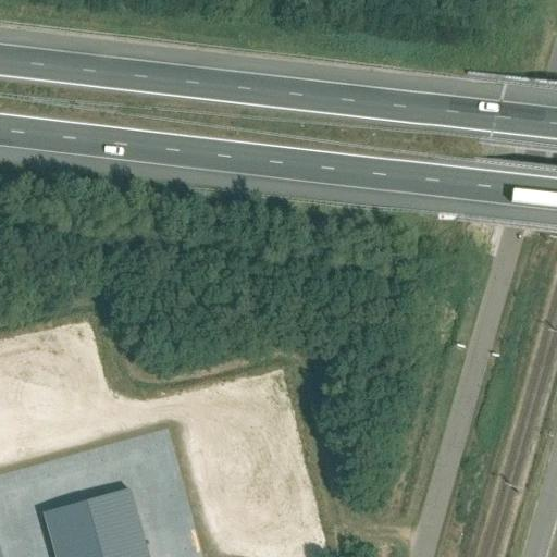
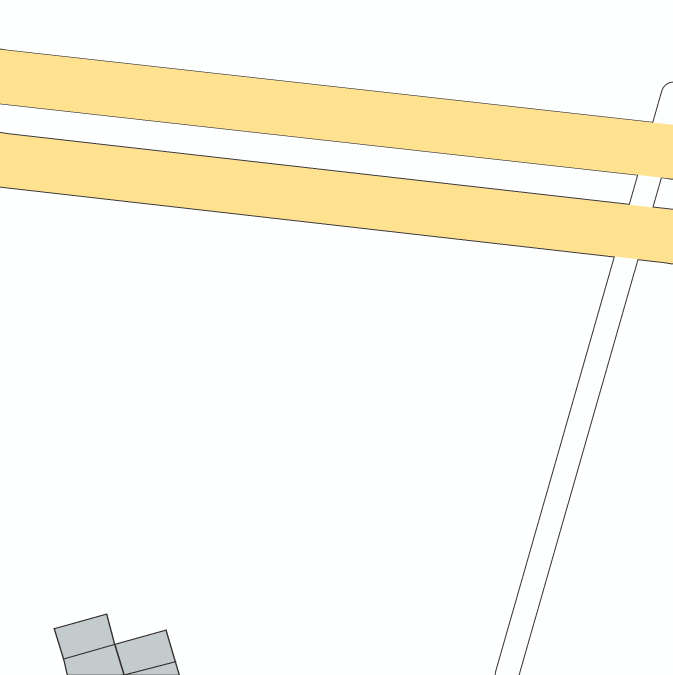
building: [88,494,137,531] -> none

